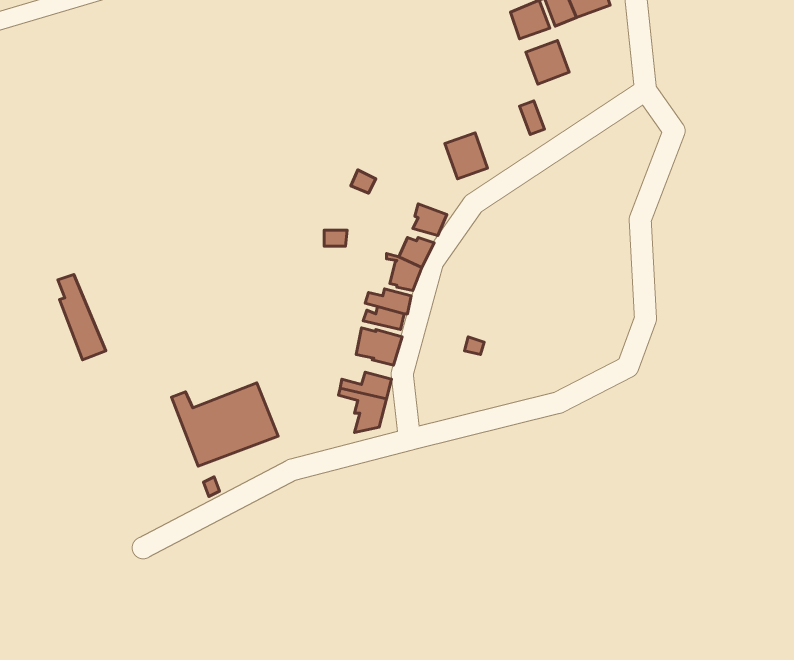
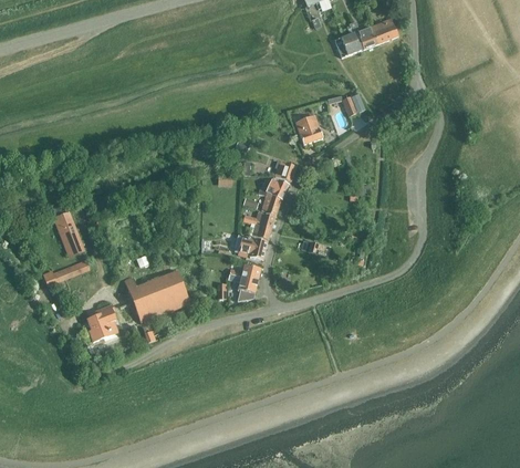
building: [526,40,569,84] -> none
building: none -> [44,259,91,290]
building: none -> [87,304,117,341]

